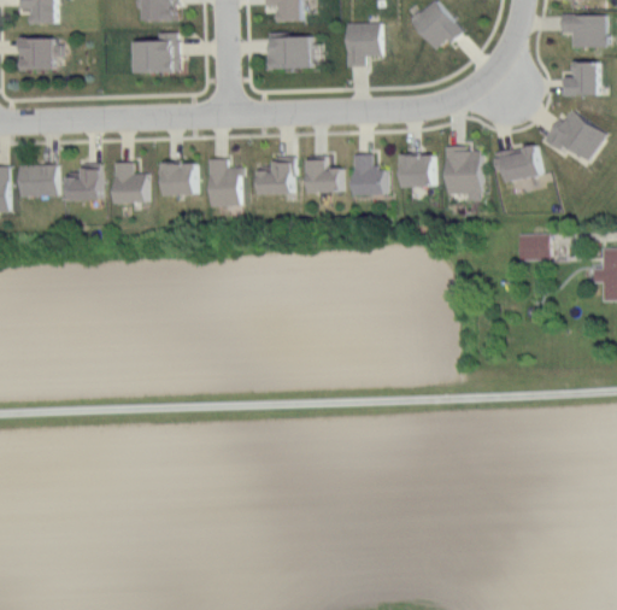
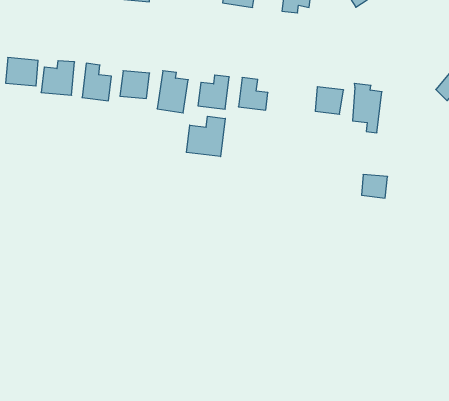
building: [493,145,541,182] -> none
building: [353,154,386,198] -> none
building: none -> [186,116,225,157]
building: [513,233,543,259] -> [362,175,388,198]

